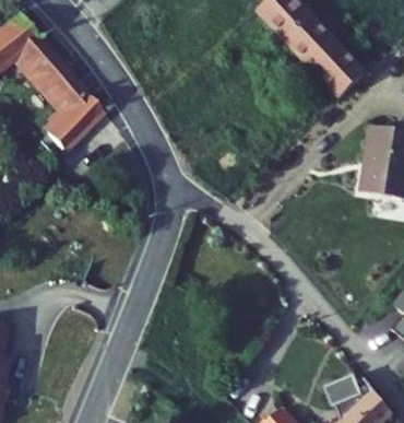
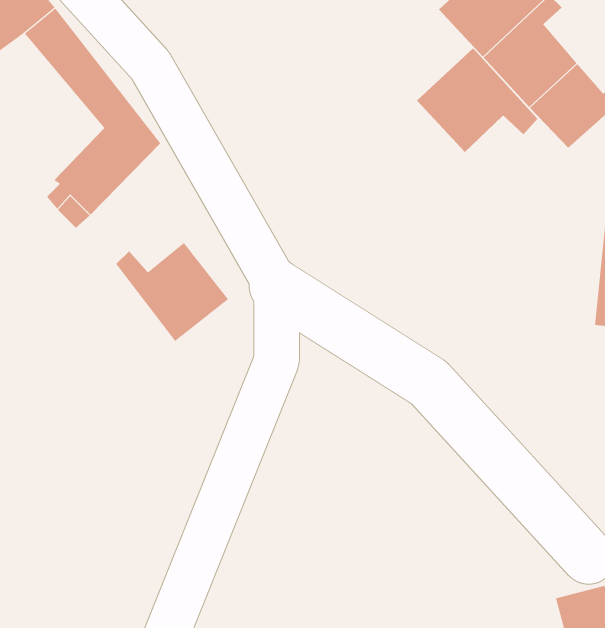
building: none -> [416,47,538,153]
building: none -> [115,242,229,342]

